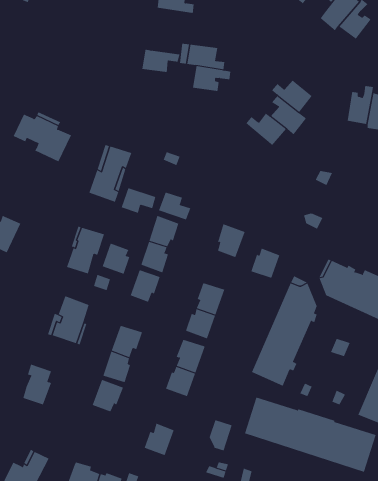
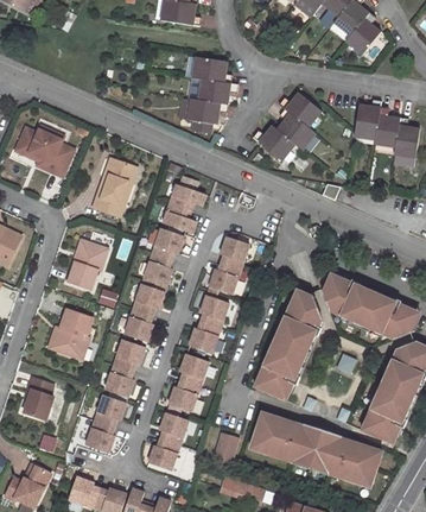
building: [141,49,180,73] -> [186,100,225,124]
building: [121,188,156,213] -> [169,185,204,211]
building: [102,243,130,275] -> [125,310,153,342]
building: [251,248,280,279] -> [210,265,240,296]
building: none -> [158,413,187,445]
building: none -> [87,421,115,453]

